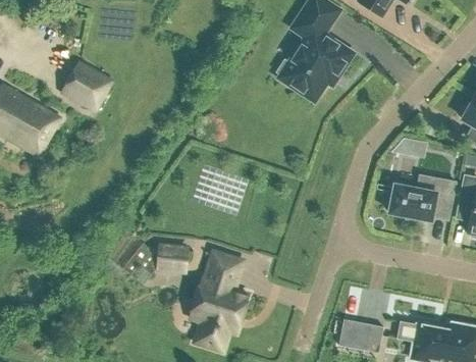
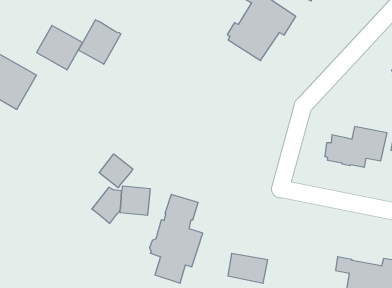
building: none -> [78,20,121,64]
building: none -> [99,154,133,188]
building: [338,318,383,352] -> [228,253,268,283]

